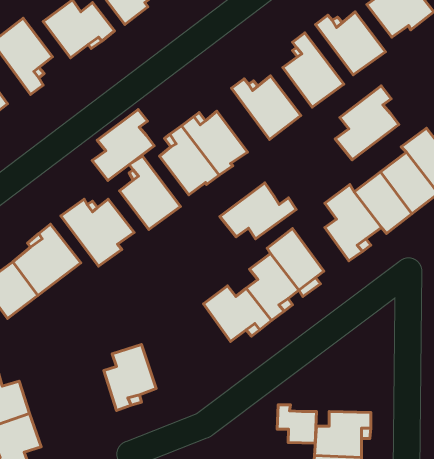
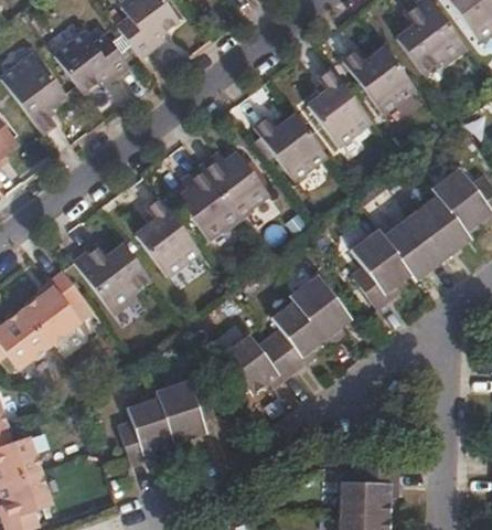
building: [335,86,399,160] -> none
building: [92,109,154,181] -> none
building: [220,183,296,239] -> none
building: none -> [157,374,216,443]
building: [277,405,317,443] -> none

